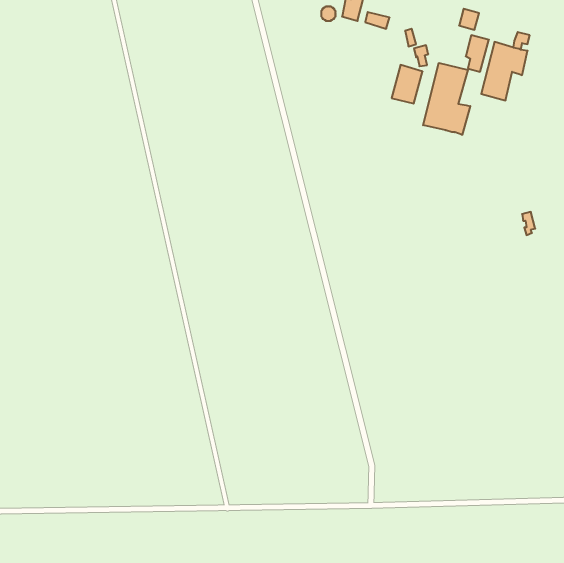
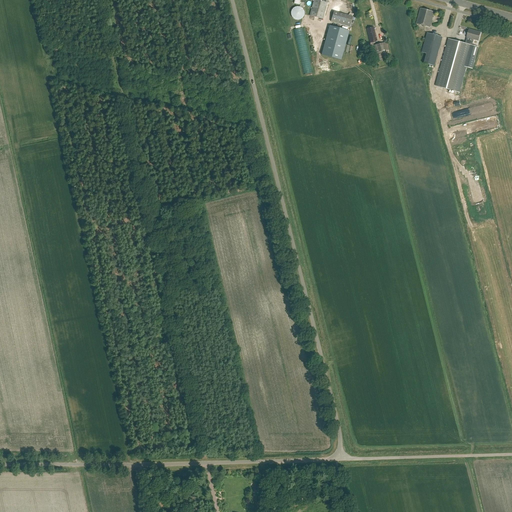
building: [423,63,470,135] -> none
building: [392,65,423,104] -> [321,24,349,59]

